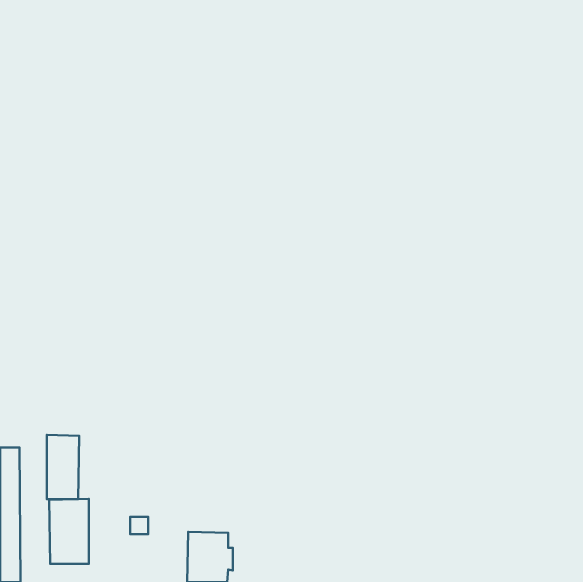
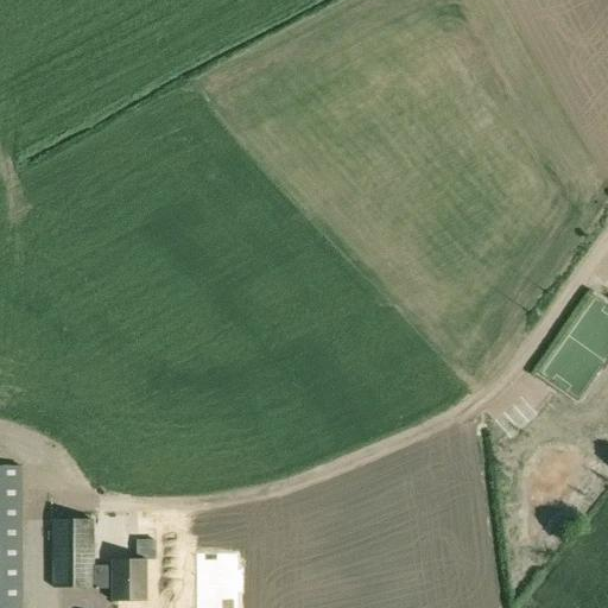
building: [47,435,79,499] -> none
building: none -> [93,559,146,600]

